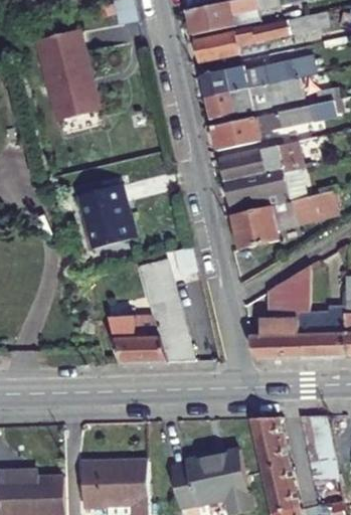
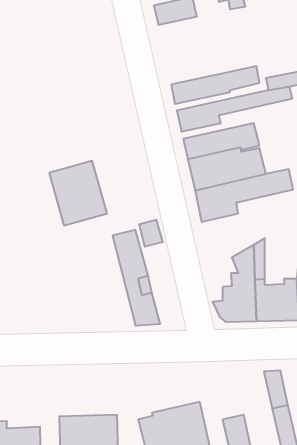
building: [192,13,319,62] -> none
building: [38,28,102,120] -> none
building: [199,56,315,99] -> none
building: [108,240,166,363] -> none
building: [249,413,285,465] -> none

